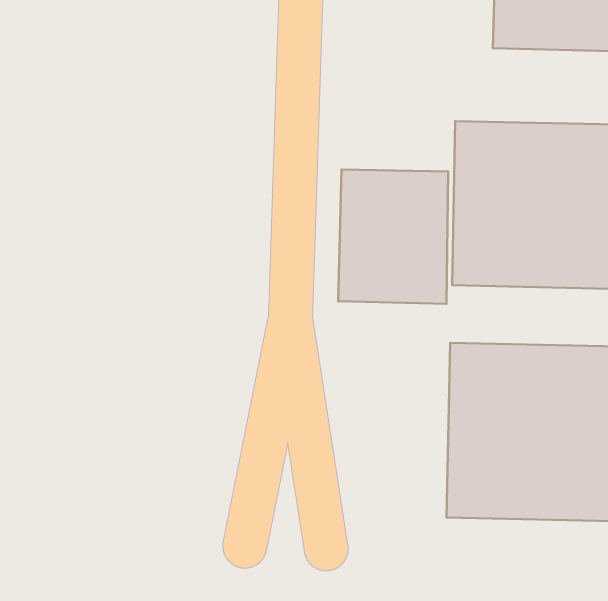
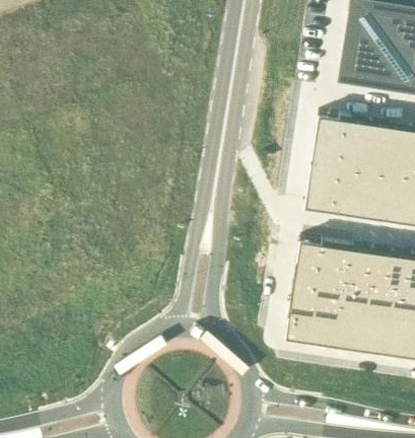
building: [338,169,448,304] -> none

